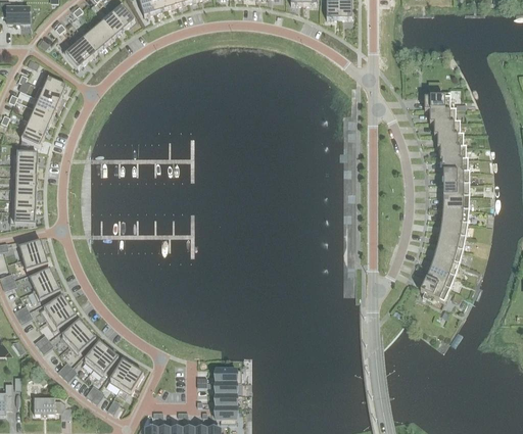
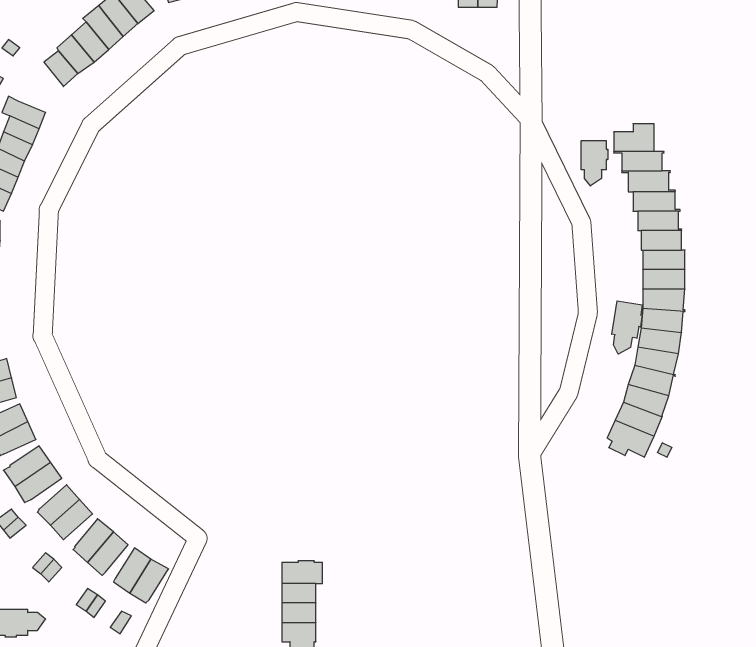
building: none -> [581,141,608,186]
building: none -> [612,301,642,354]

